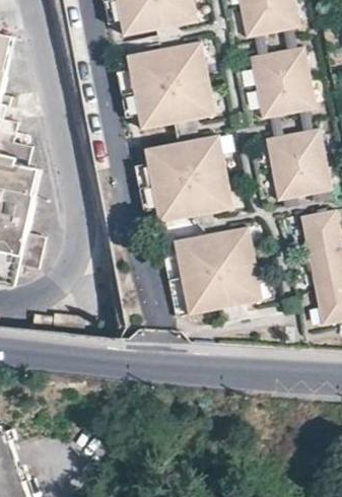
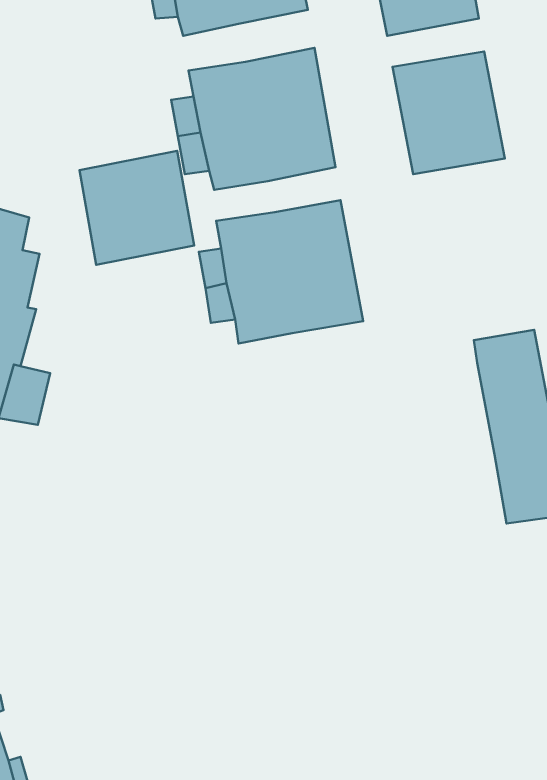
building: none -> [79,151,194,265]
building: [267,130,331,197] -> none
building: [178,224,264,311] -> none

